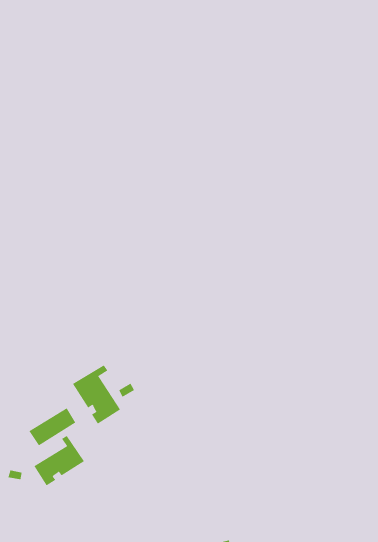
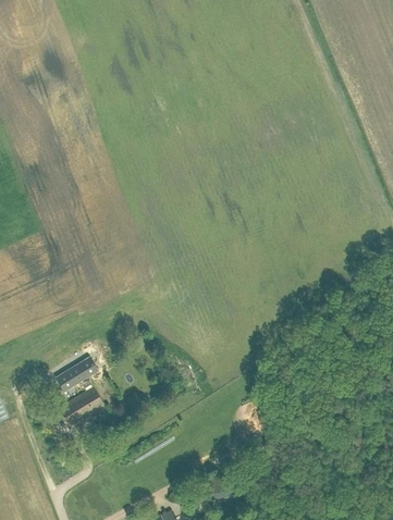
building: [72,365,121,425] -> none

